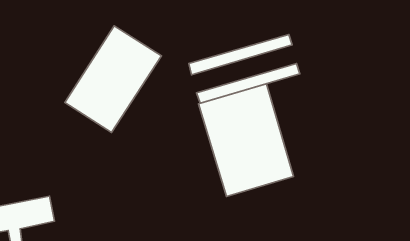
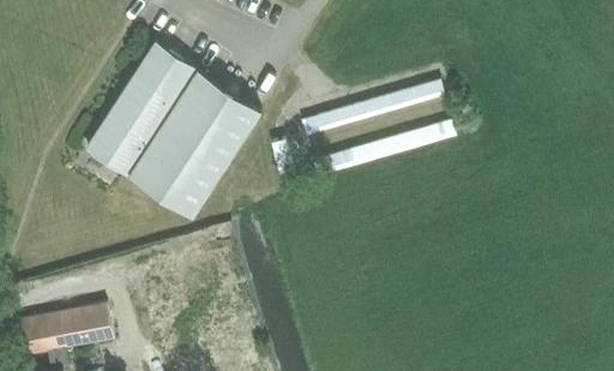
building: none -> [85,41,194,174]
building: [198,84,294,197] -> none

